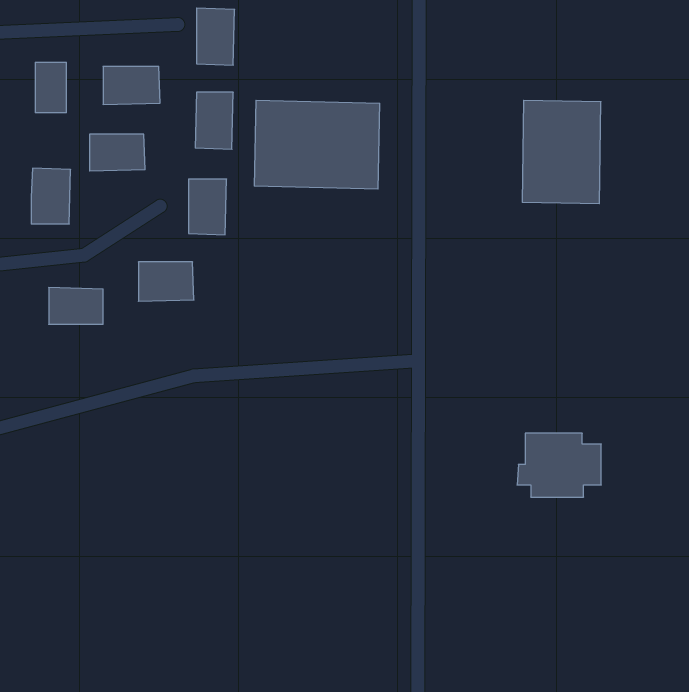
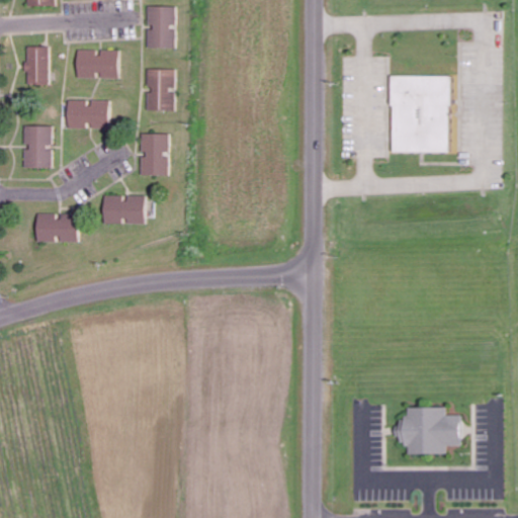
building: [254,100,380,189] -> none
building: [517,433,601,497] -> [398,407,460,454]

